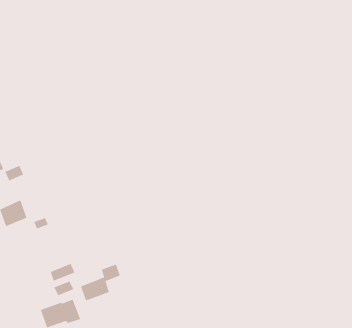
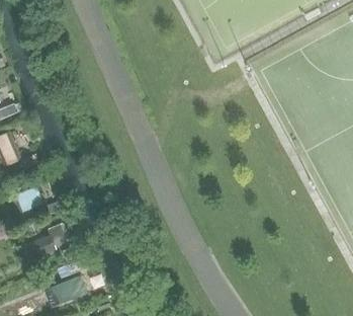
building: [80,264,121,301] -> [27,224,65,258]

